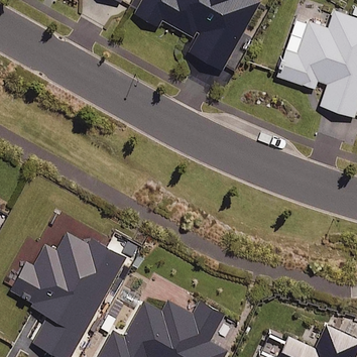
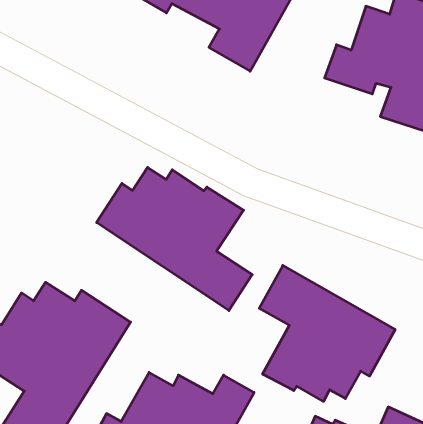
building: none -> [97,167,252,311]
building: none -> [259,265,395,401]

